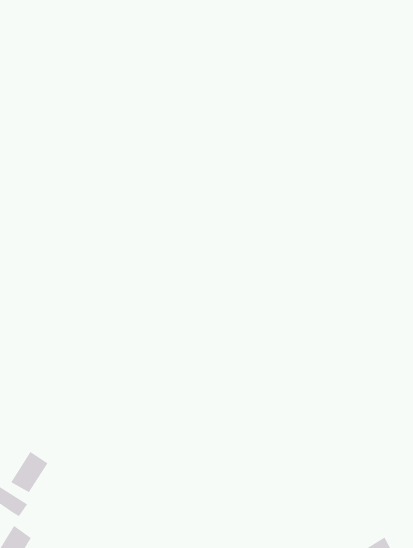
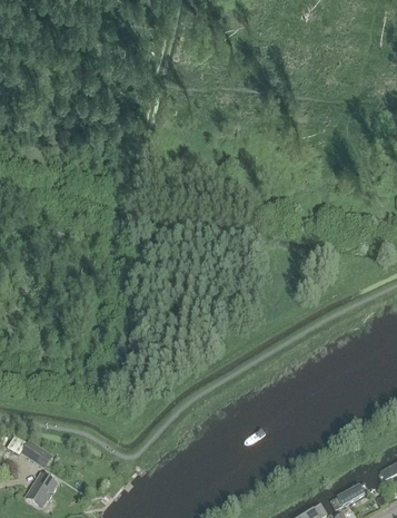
building: [10,451,49,493] -> none

